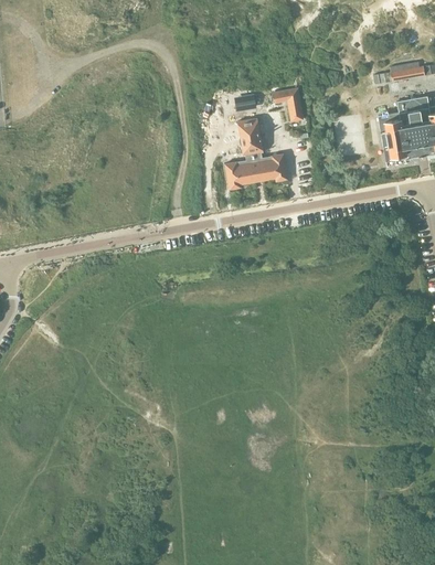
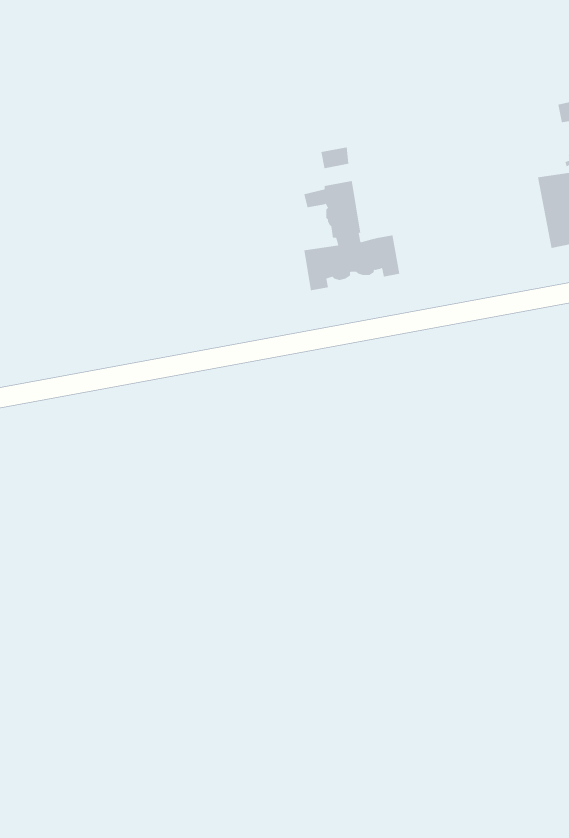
building: [268,87,305,121] -> none

